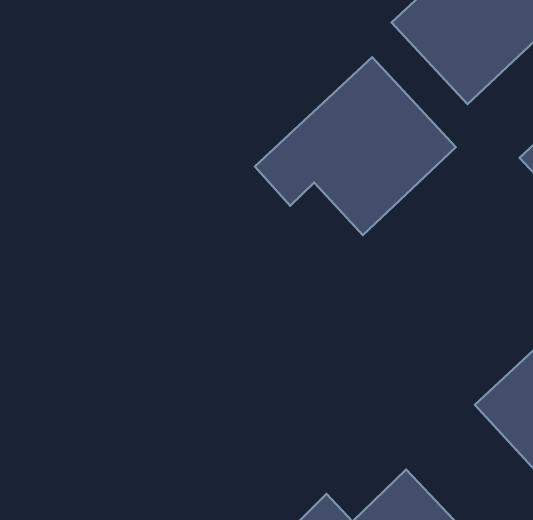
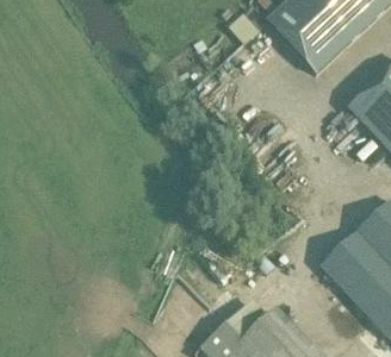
building: [255,57,456,235] -> none

